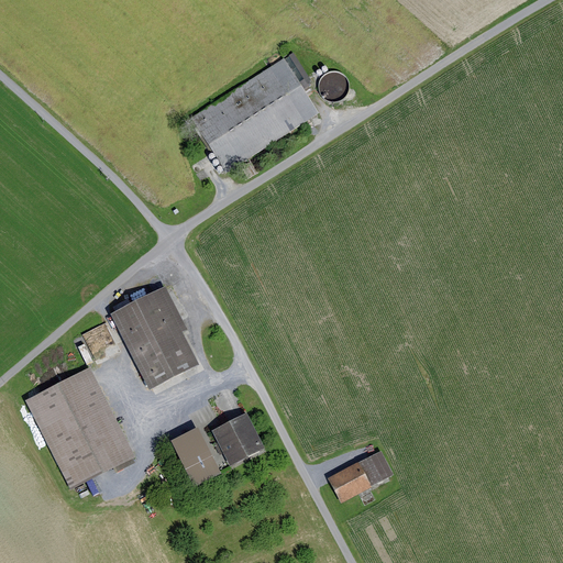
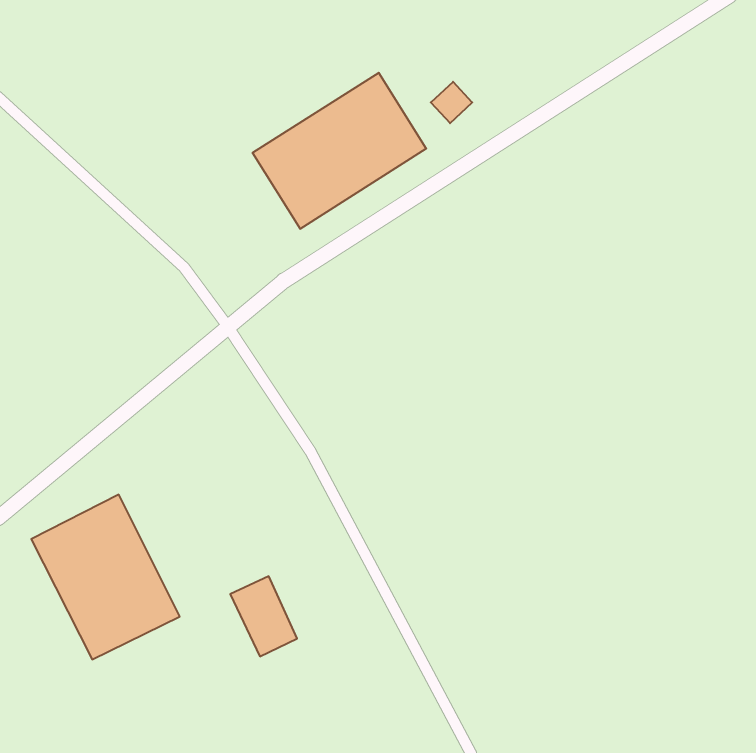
building: [111,288,201,389] -> none
building: [211,411,265,465] -> none
building: [329,451,394,501] -> none

